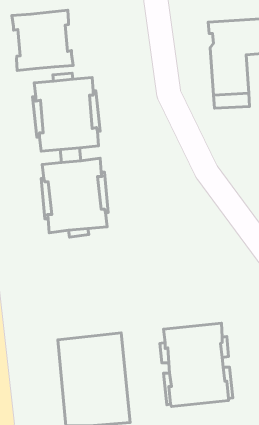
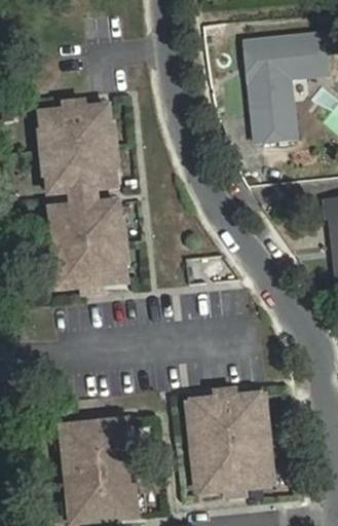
building: [12,10,73,71] -> none

